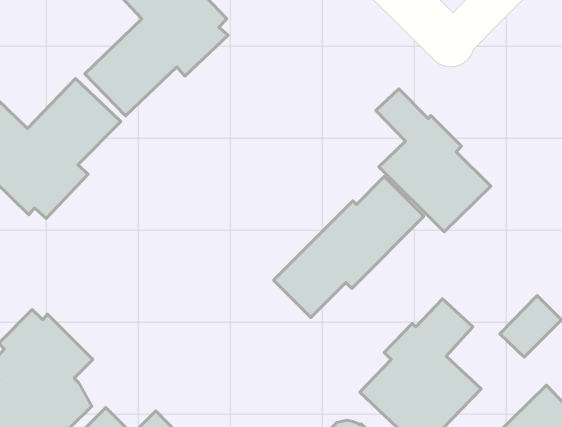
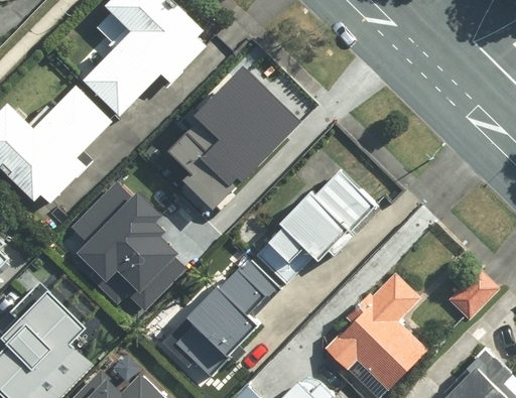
building: none -> [160,69,292,207]
building: [376,89,491,232] -> none
building: none -> [68,182,176,307]
building: none -> [167,261,278,381]

